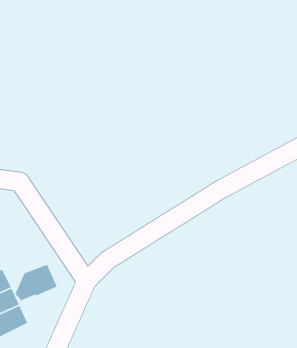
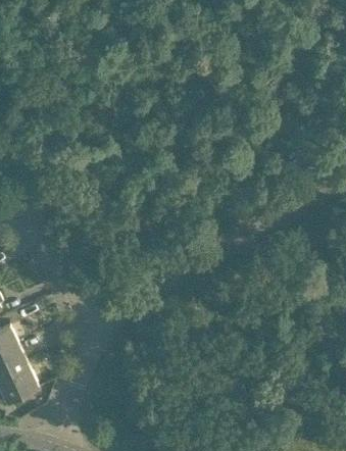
building: [15,264,58,301] -> none

